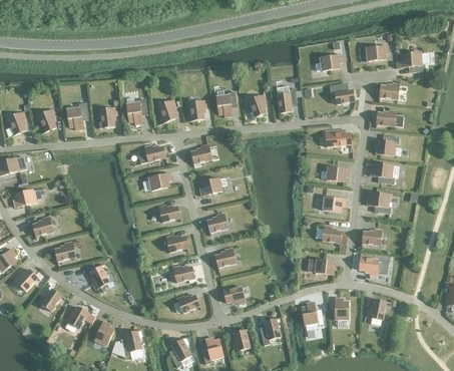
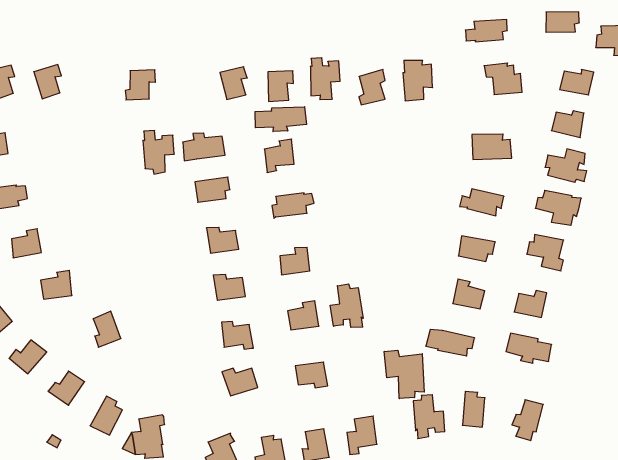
building: [125,96,146,124] -> [143,131,174,174]
building: [66,101,88,129] -> none
building: none -> [255,107,307,132]
building: none -> [330,284,363,327]
building: none -> [384,350,424,399]

